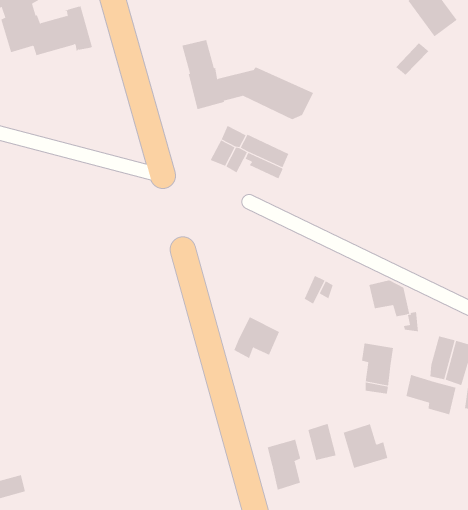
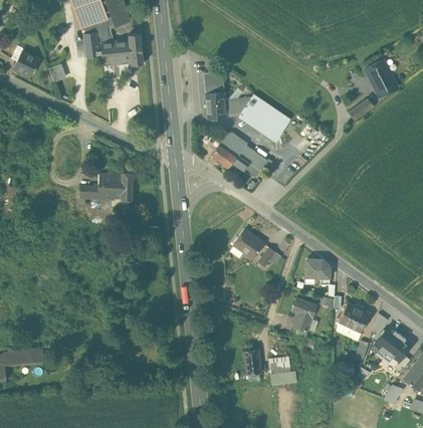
building: none -> [77,172,131,201]
building: [233,317,280,359] -> [229,229,263,258]
building: [406,374,456,415] -> none
building: [267,439,301,490] -> none

